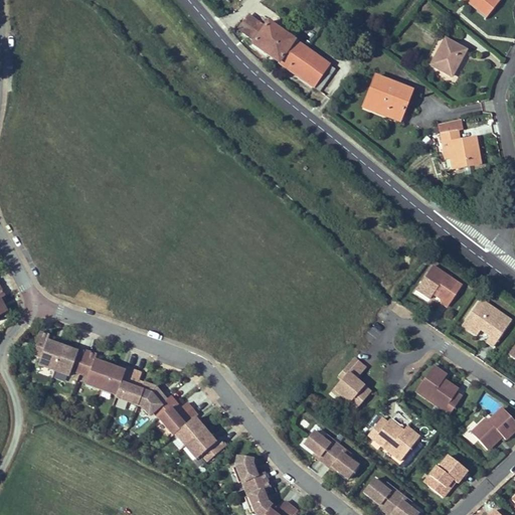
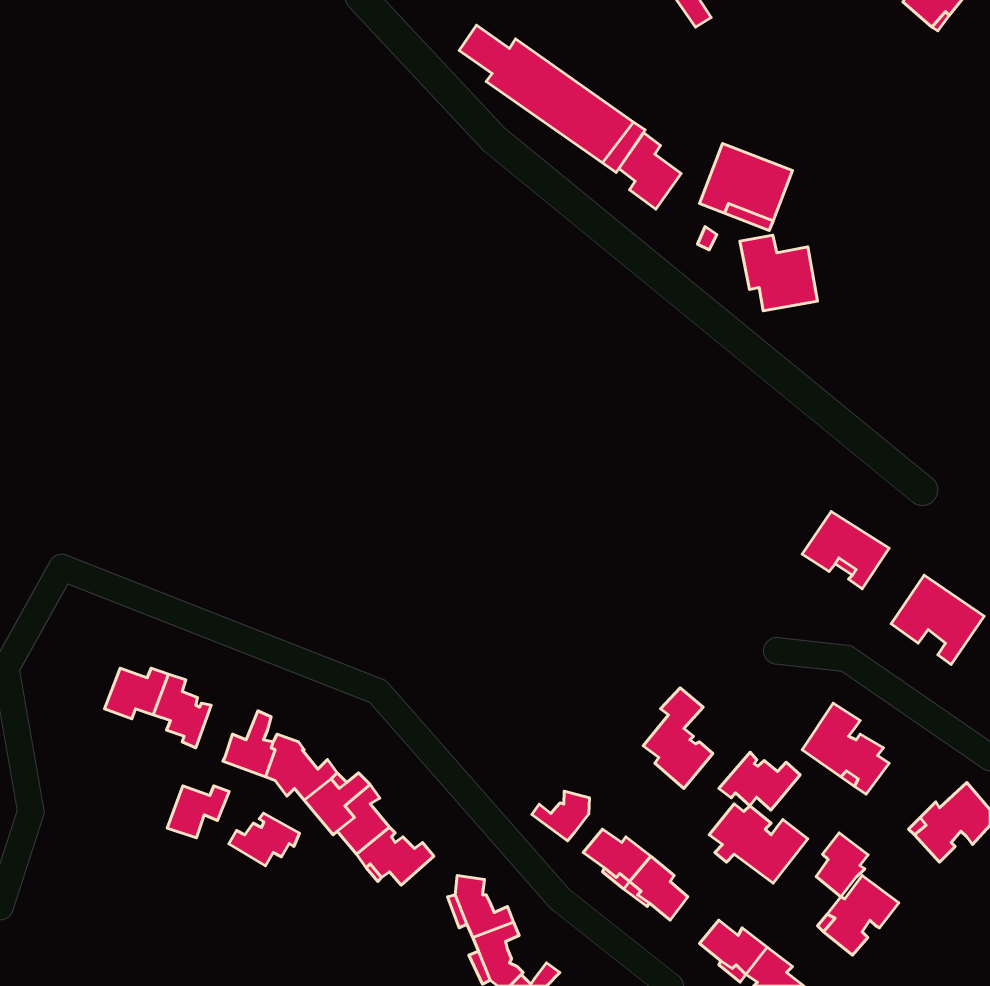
building: [431,37,466,74] -> none
building: none -> [619,133,681,209]
building: [441,129,481,168] -> [740,235,817,311]
building: [32,331,62,368] -> none
building: [102,366,134,393] -> [167,786,229,838]
building: none -> [719,752,800,810]
building: none -> [532,791,590,841]
building: none -> [229,813,300,866]
building: none -> [816,833,868,897]

